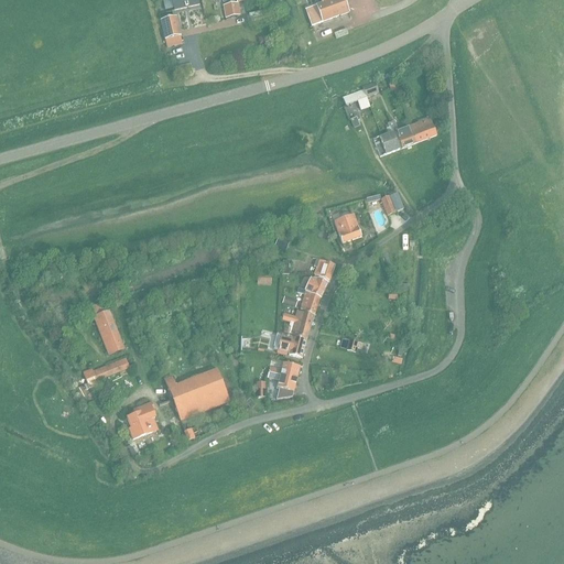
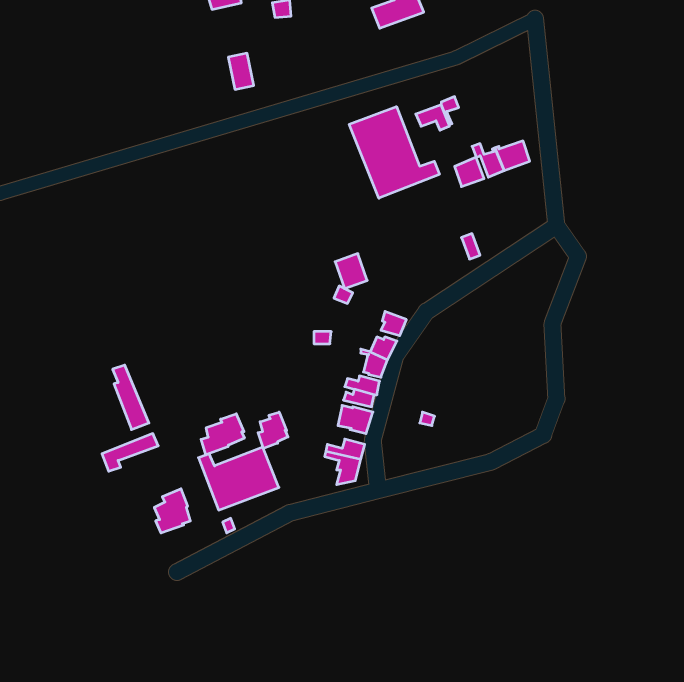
building: [162,14,183,44] -> [228,53,254,89]
building: none -> [349,107,439,198]
building: [334,212,360,240] -> [335,254,367,289]
building: none -> [258,412,288,449]
building: none -> [201,414,244,455]

